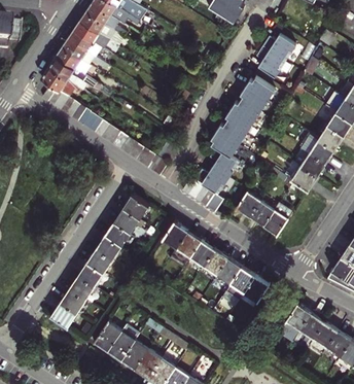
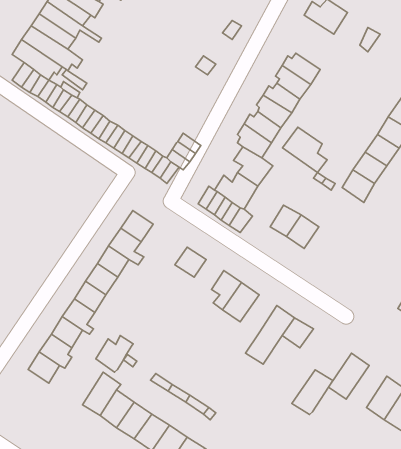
building: [257,45,286,75] -> none
building: none -> [283,127,327,173]
building: [263,200,293,233] -> none
building: [171,231,203,266] -> none
building: [215,257,243,286] -> none
building: none -> [96,335,133,372]
building: [295,311,326,345] -> [292,370,333,414]

